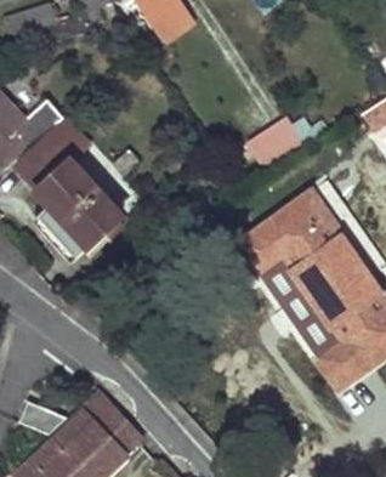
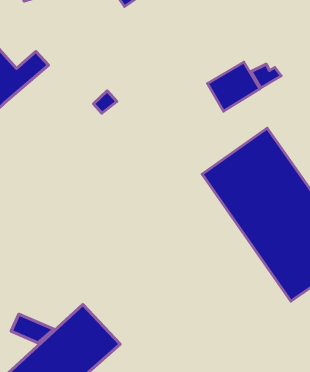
building: [13,117,123,257] -> none

